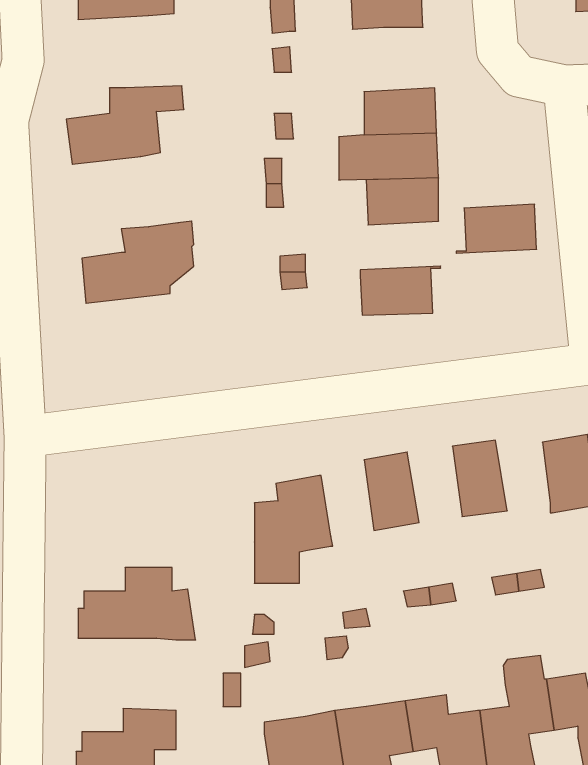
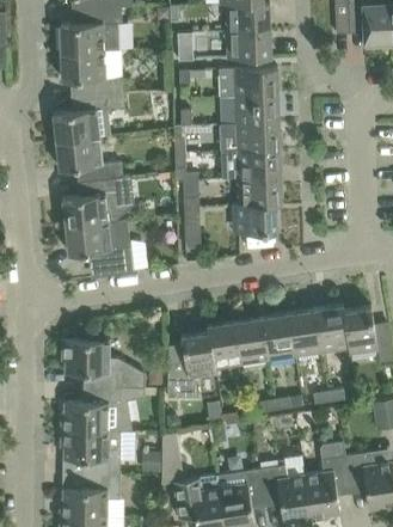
building: none -> [61,51,124,96]
building: none -> [234,68,278,98]
building: none -> [57,137,122,182]
building: [456,204,537,253] -> [233,177,282,207]
building: none -> [66,221,134,278]
building: none -> [315,306,349,354]
building: none -> [262,314,295,361]
building: none -> [207,323,241,369]
building: none -> [62,341,145,390]
building: none -> [61,431,121,476]

